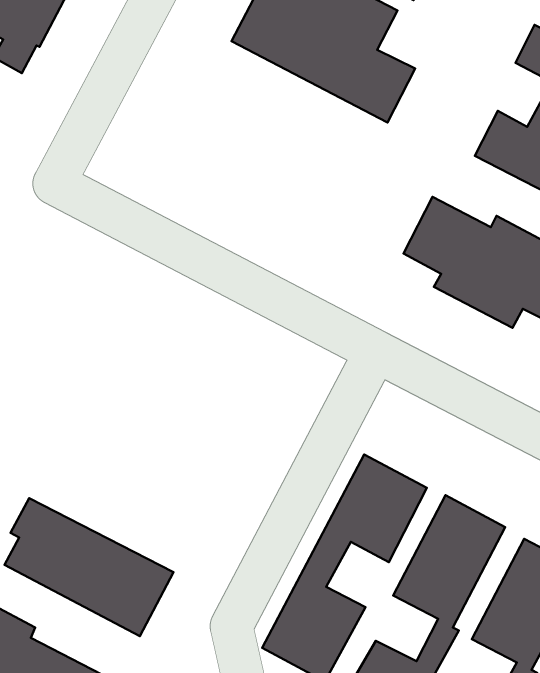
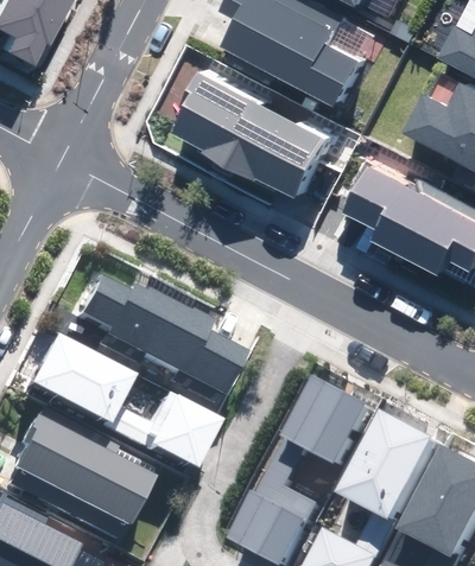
building: none -> [170,74,325,199]
building: none -> [84,276,248,394]
building: none -> [33,333,223,468]

